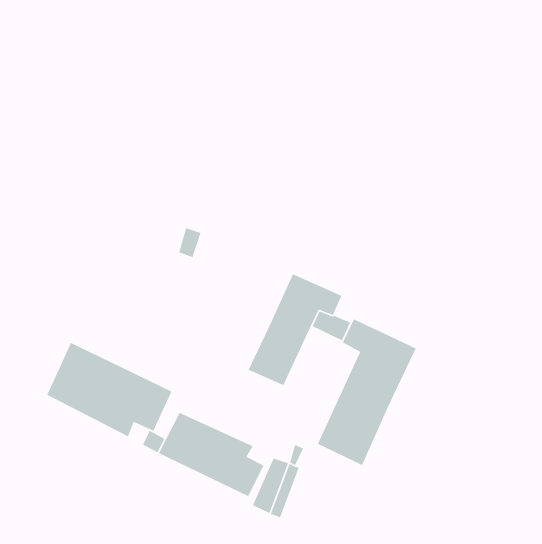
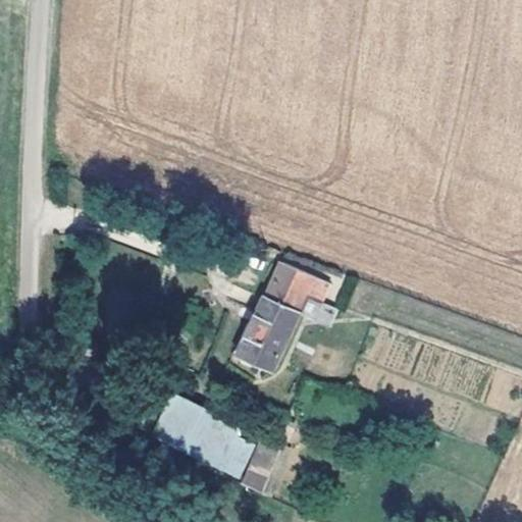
building: [317,318,417,466] -> none
building: [46,342,173,437] -> none

